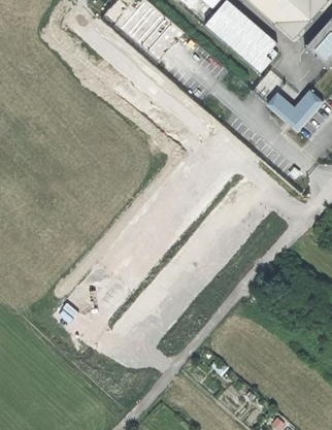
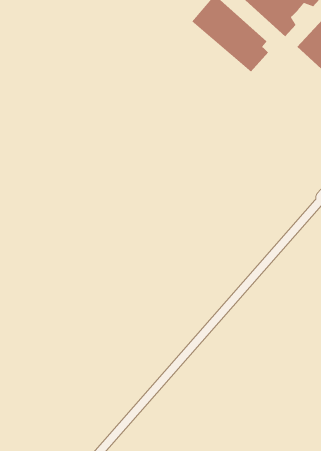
building: [266,87,321,129] -> none

